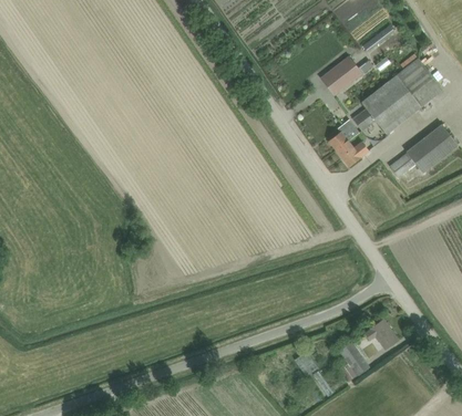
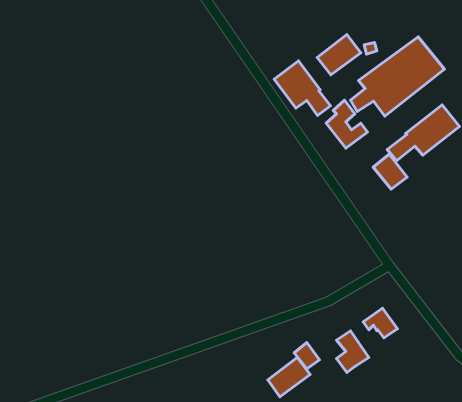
building: none -> [274,61,331,116]
building: none -> [373,154,407,189]
building: none -> [268,357,310,397]

